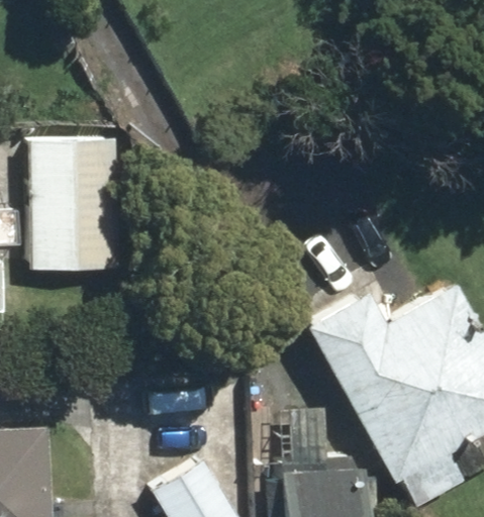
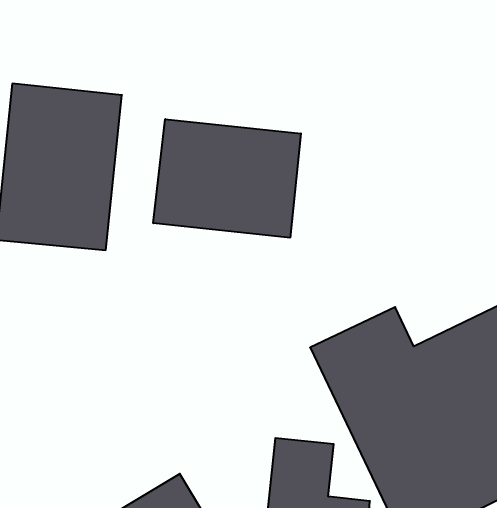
building: none -> [153,119,301,238]

